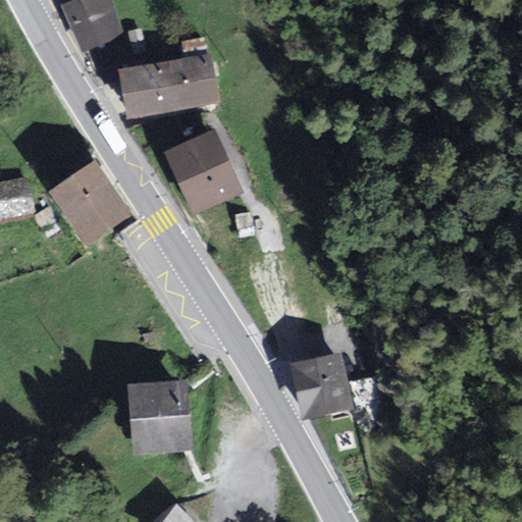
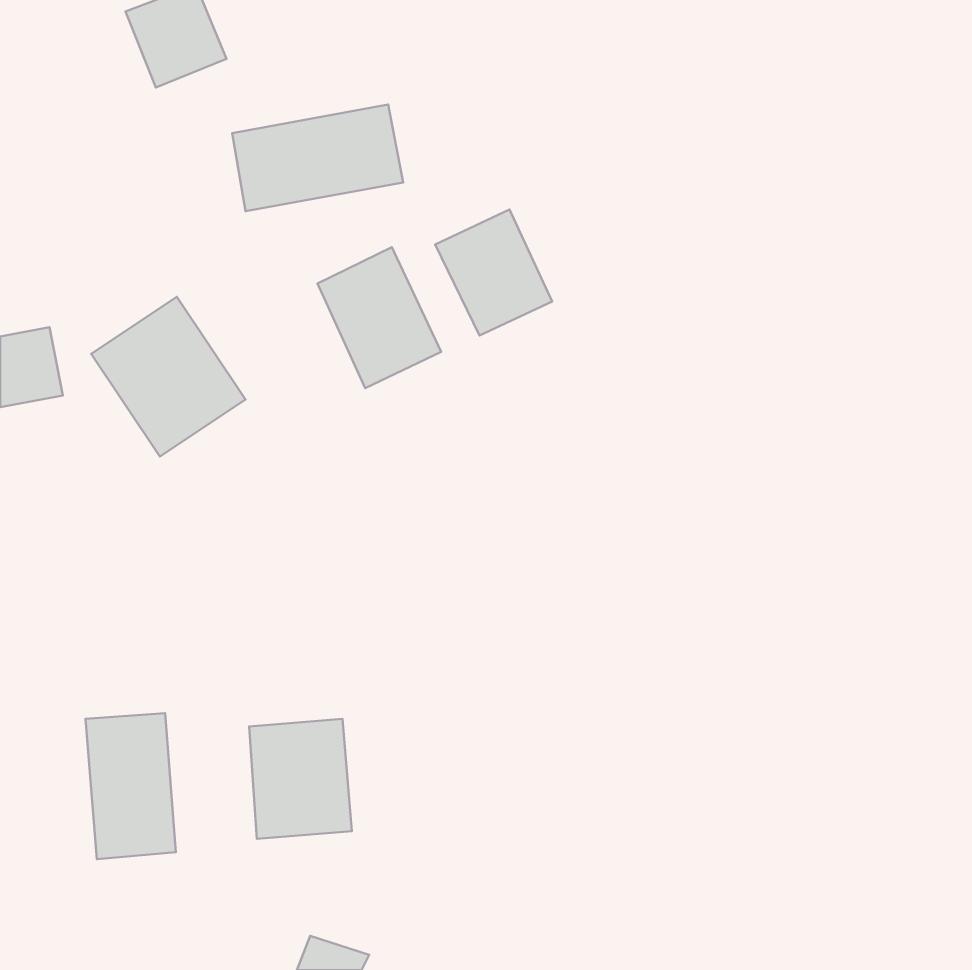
building: none -> [435,210,552,336]
building: [292,356,351,417] -> none
building: none -> [86,713,176,859]

